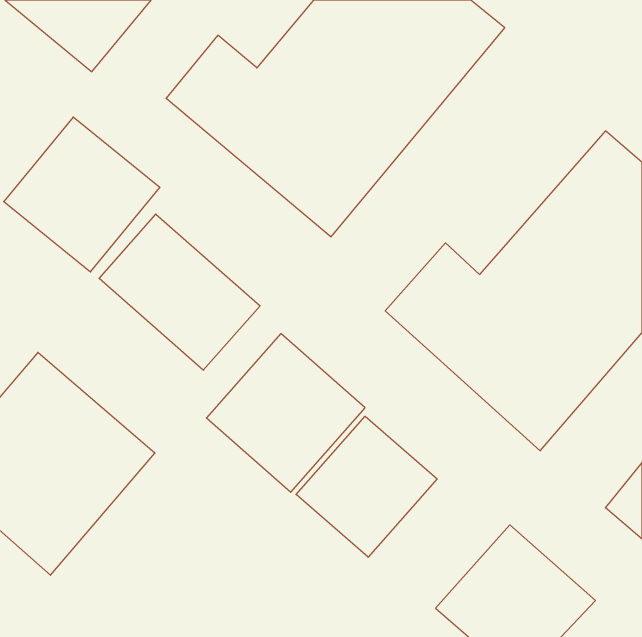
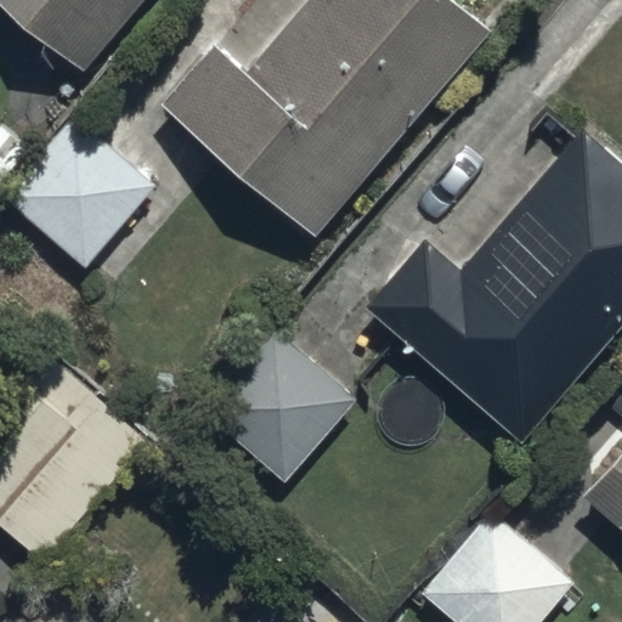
building: [99,214,260,370] -> none
building: [296,416,437,557] -> none

